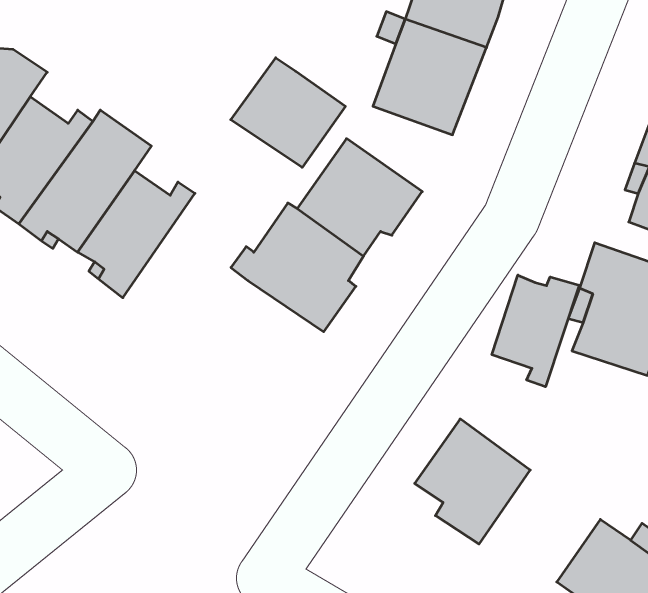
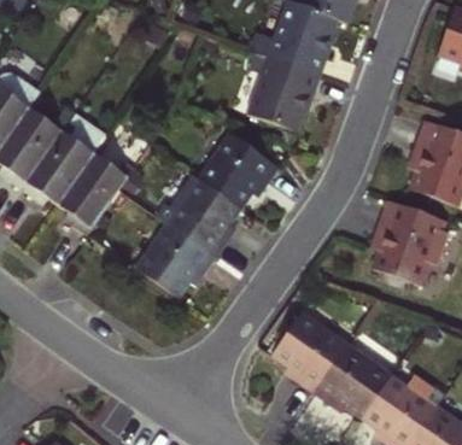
building: [231,58,345,167] -> none
building: [492,275,579,387] -> none
building: none -> [135,223,215,297]
building: none -> [314,344,391,415]

